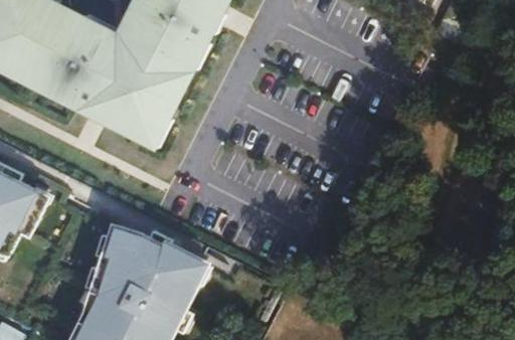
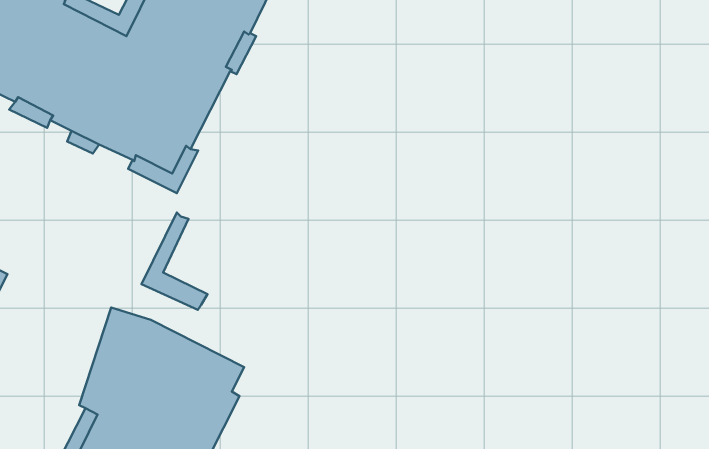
building: none -> [142,213,208,310]

